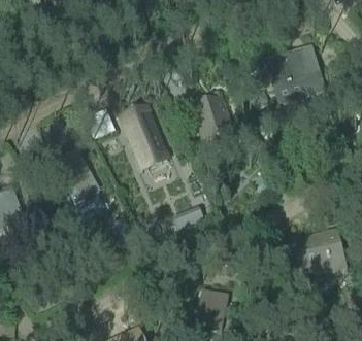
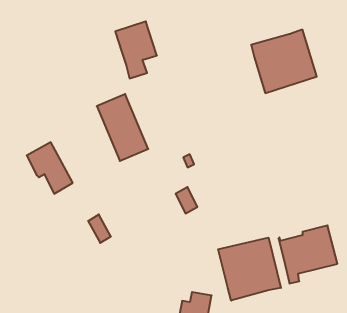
building: [194,100,233,154] -> [115,21,157,78]
building: none -> [218,238,281,301]

